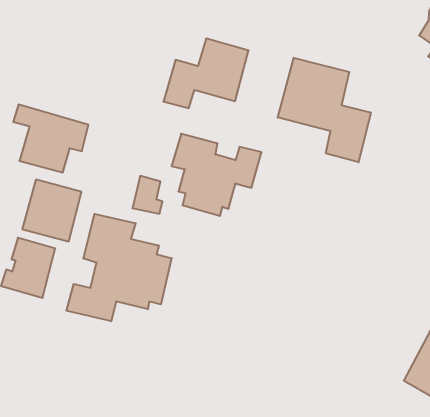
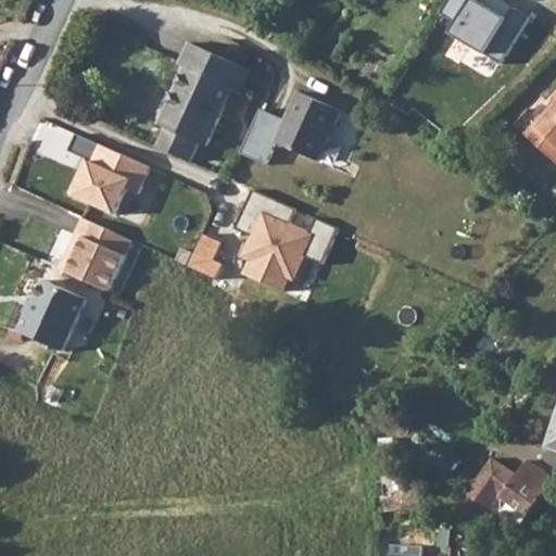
building: none -> [157,43,247,161]
building: [278,58,371,162] -> none
building: [66,214,172,321] -> none

